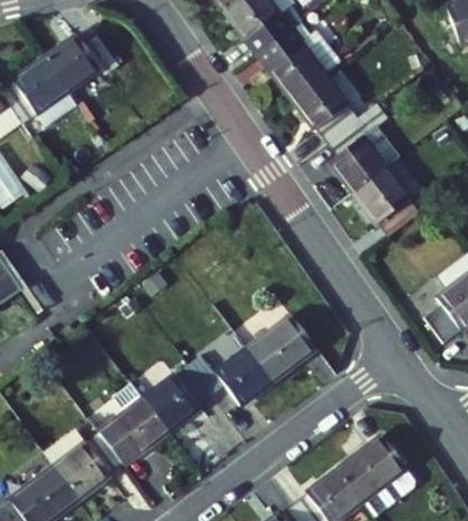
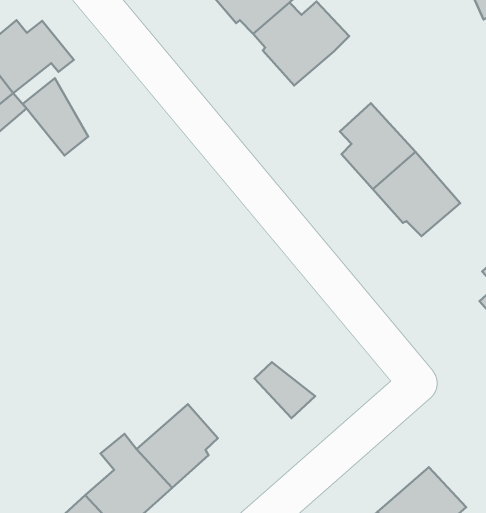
building: [301,81,368,147] -> none
building: none -> [23,78,88,155]
building: [263,310,321,364] -> none
building: [191,345,275,402] -> none

